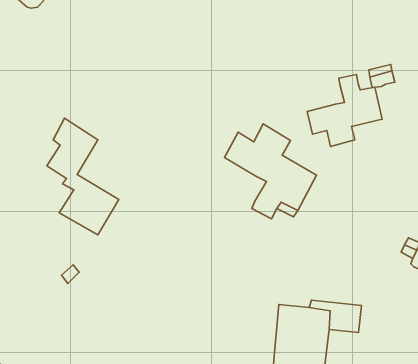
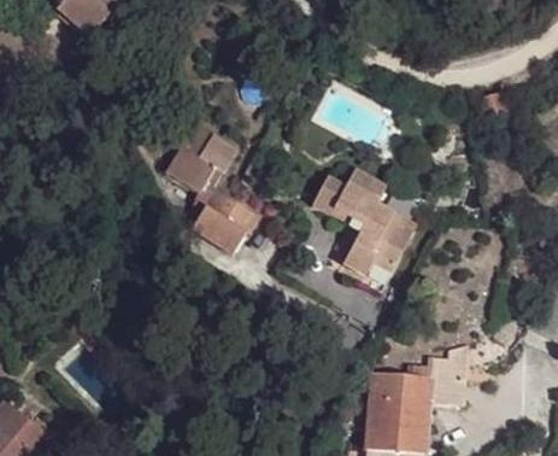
building: [307,75,382,146] -> none
building: [47,118,119,235] -> [172,124,255,259]

